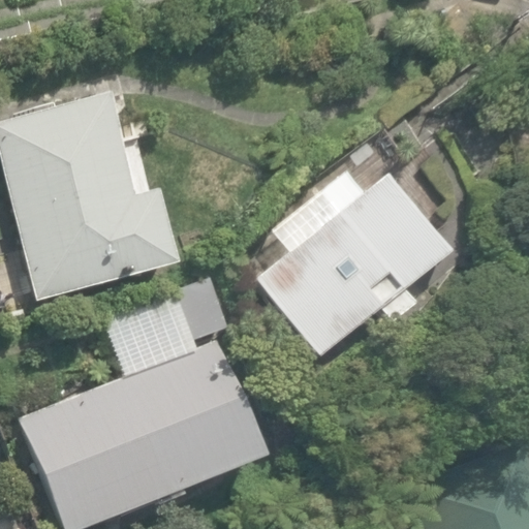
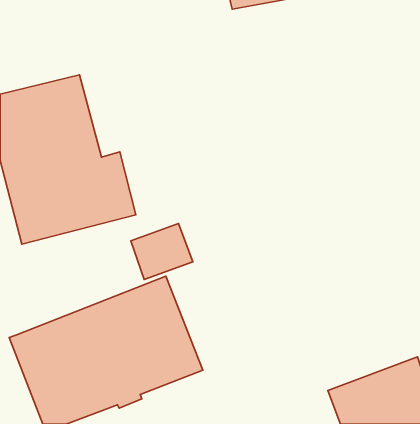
building: [259,170,450,354] -> none

